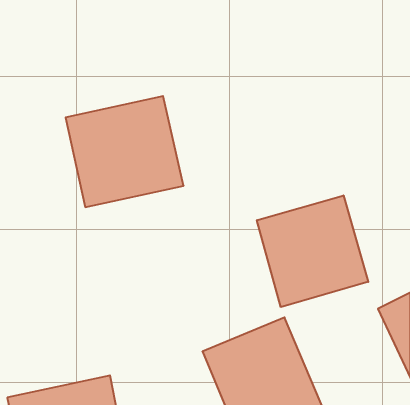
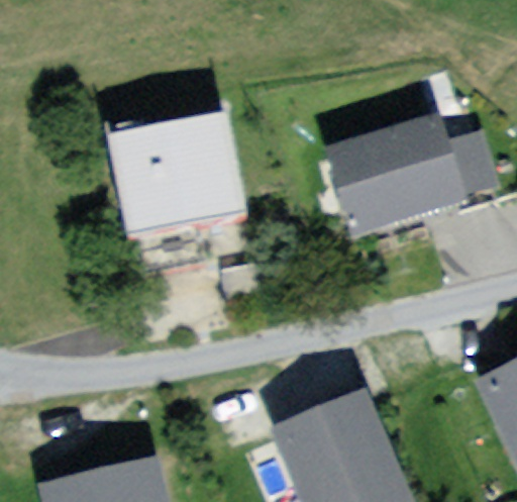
building: none -> [327,111,499,245]
building: [257,195,368,307] -> none

